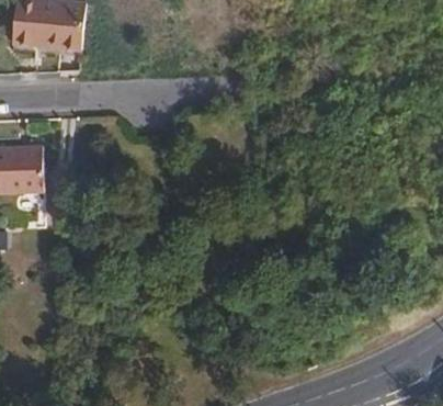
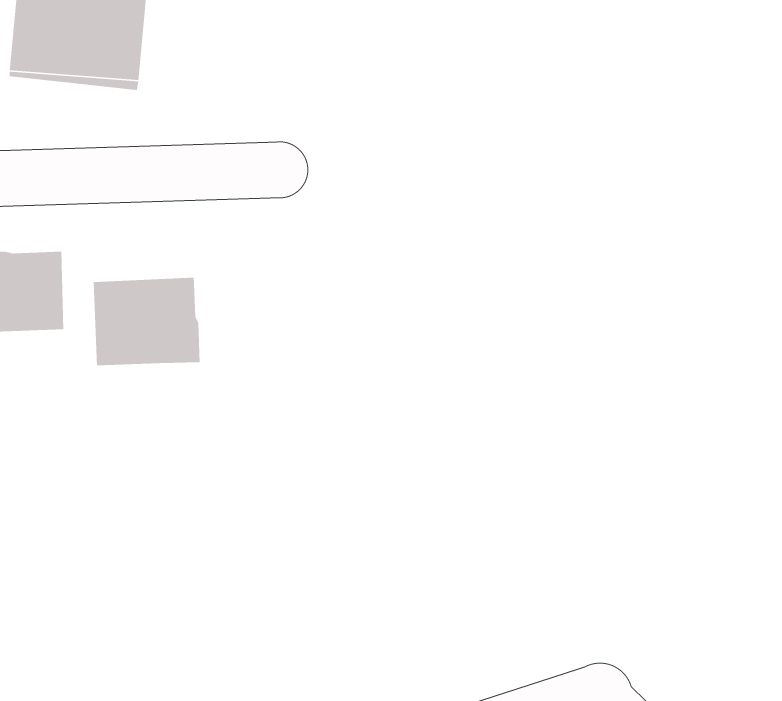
building: none -> [93,277,201,366]

